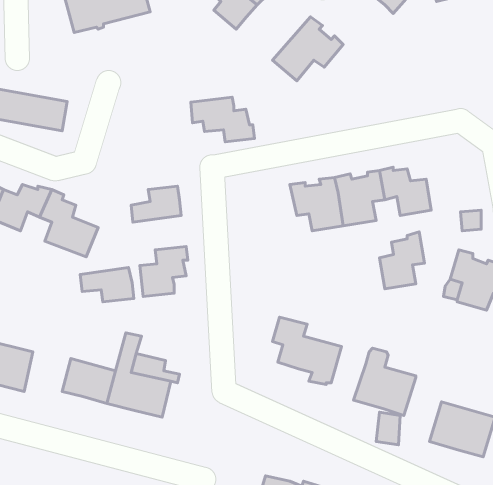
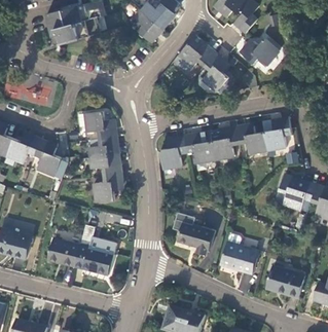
building: none -> [242,38,279,65]
building: none -> [203,51,228,91]
building: [191,97,255,142] -> [78,111,116,138]
building: none -> [159,135,187,169]
building: [380,232,424,289] -> [264,116,291,150]
building: [80,267,134,302] -> [89,153,121,174]

